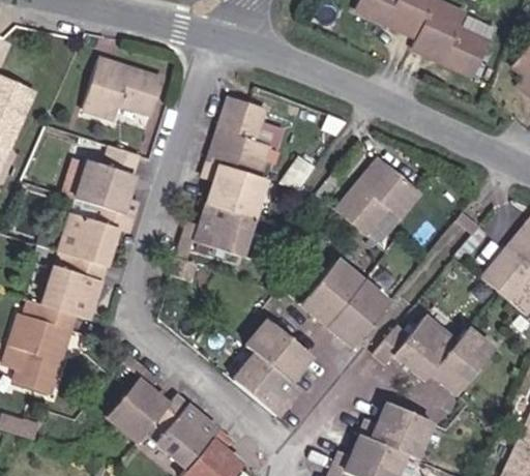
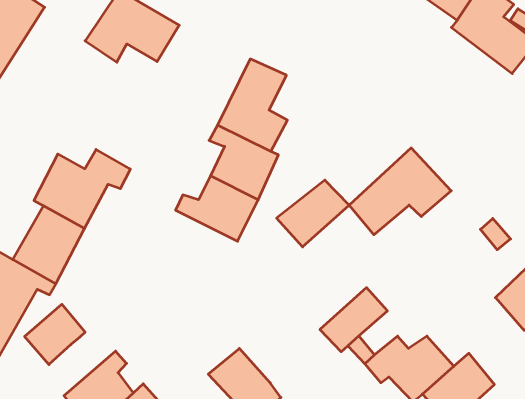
building: [82,153,144,211] -> none
building: [301,264,363,326] -> [277,180,349,247]
building: [248,320,313,380] -> none
building: none -> [25,304,85,365]

